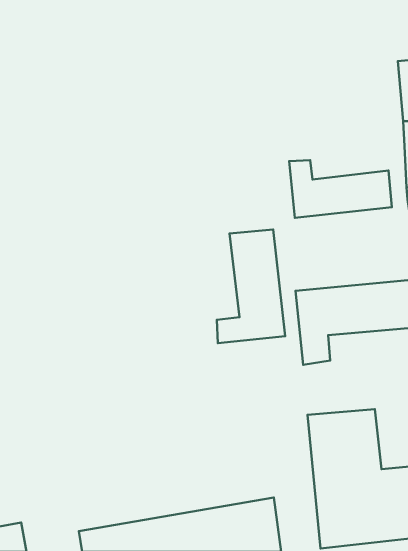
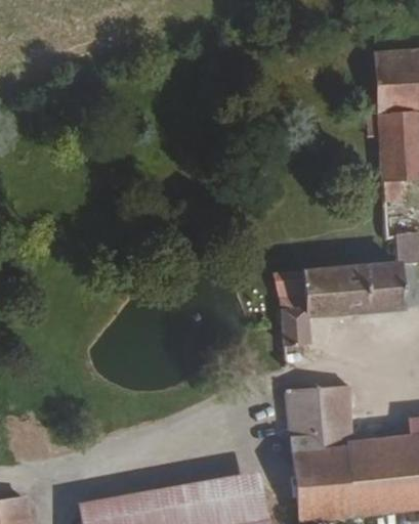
building: [289,160,392,218] -> none
building: [217,230,285,343] -> none

